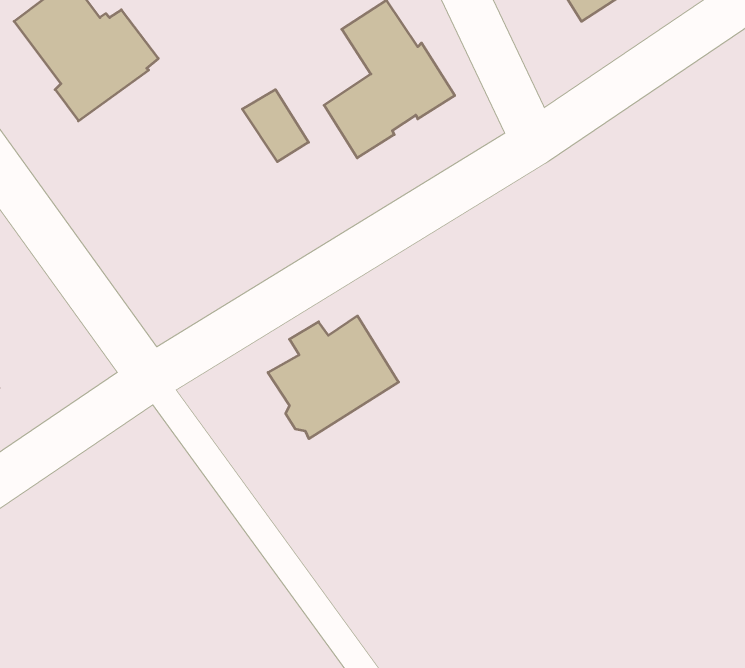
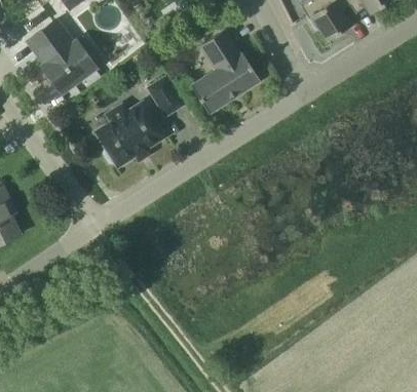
building: [268,316,399,439] -> [94,102,163,166]

